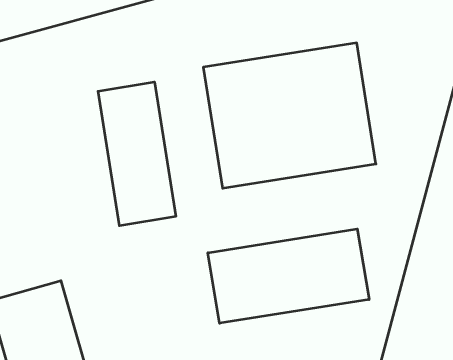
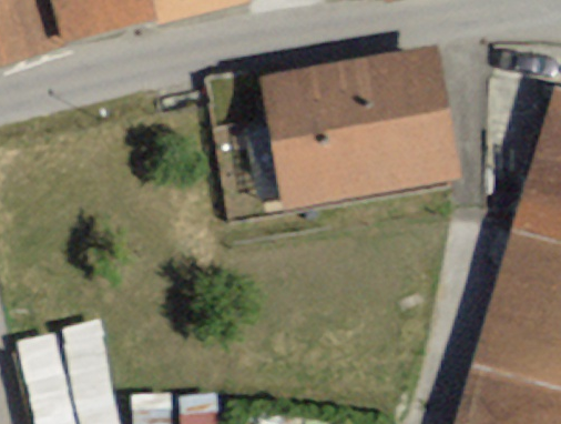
building: [98,82,176,226] -> none
building: [208,229,369,323] -> none

